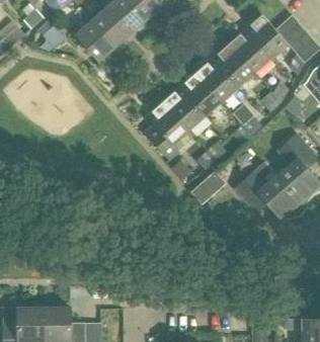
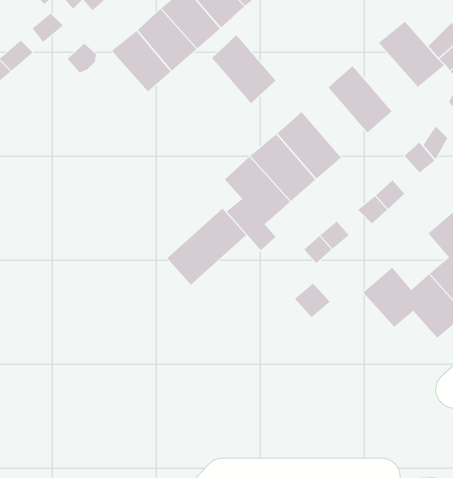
building: [228,28,269,72] -> none
building: [195,57,237,101] -> [211,34,276,104]
building: none -> [167,208,247,286]

